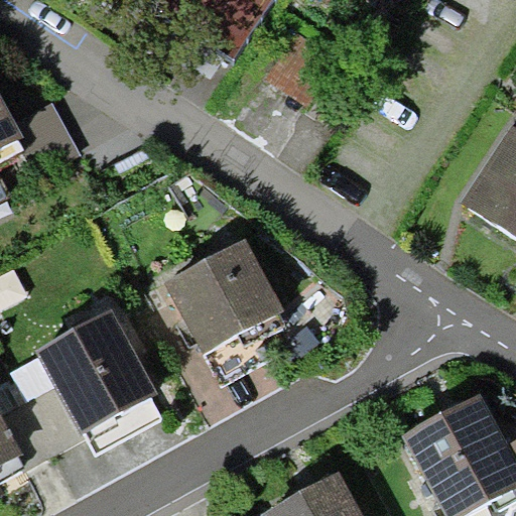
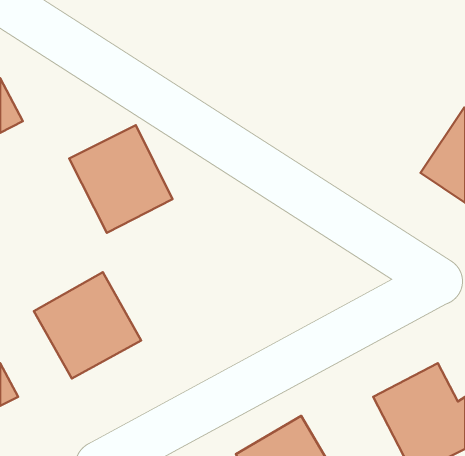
building: none -> [69,125,173,233]
building: [168,241,278,346] -> none

